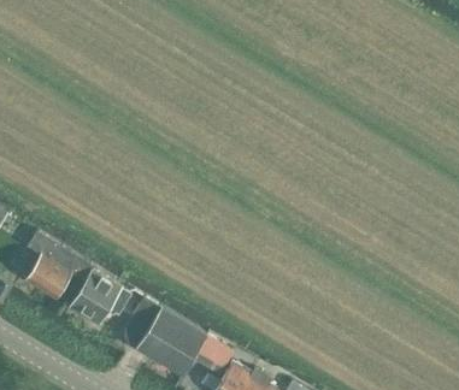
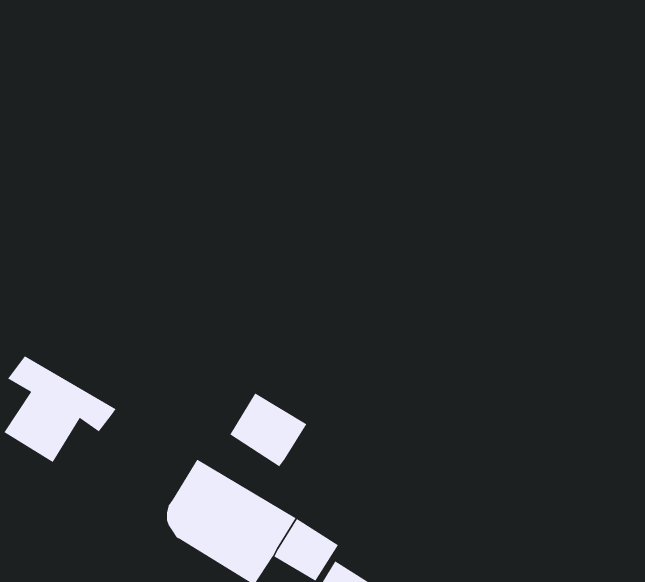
building: none -> [230,393,307,467]
building: [69,268,126,325] -> none

